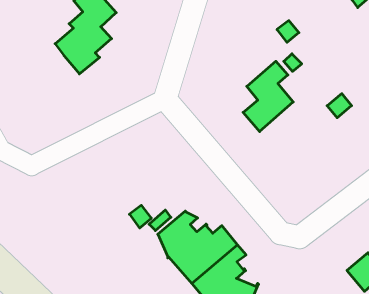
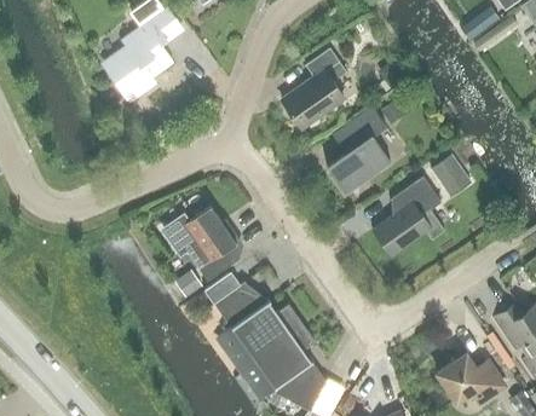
building: none -> [282,48,346,127]
building: none -> [373,175,444,256]
building: none -> [161,206,240,282]

